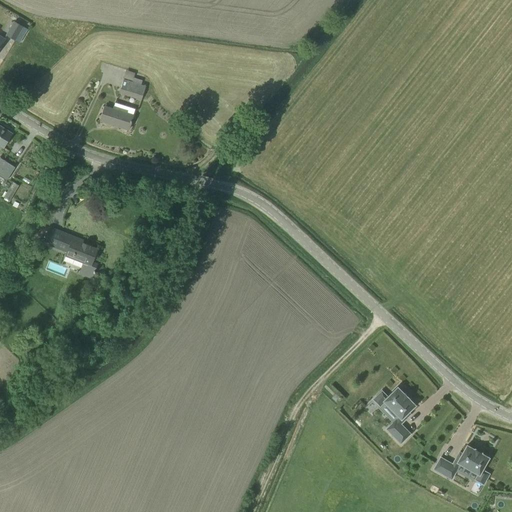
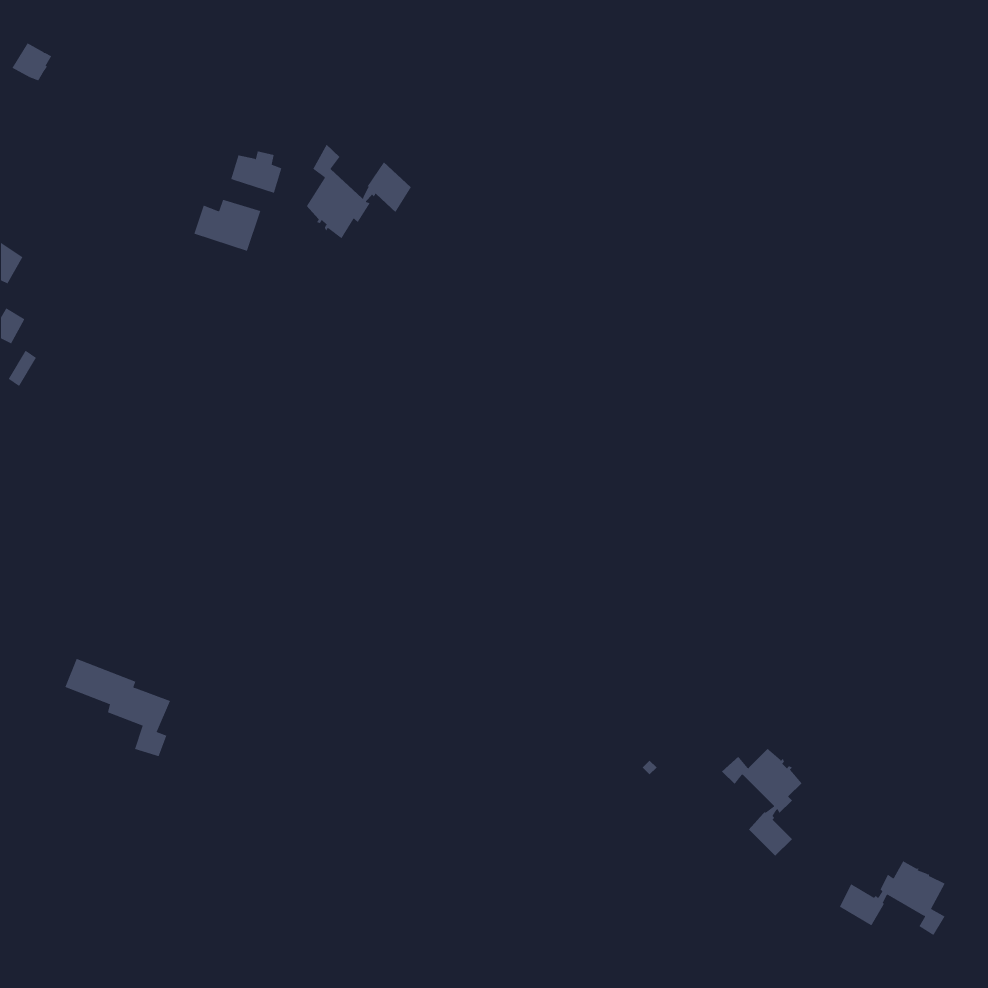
building: none -> [306,144,411,239]
building: [43,227,98,278] -> [65,658,171,757]

